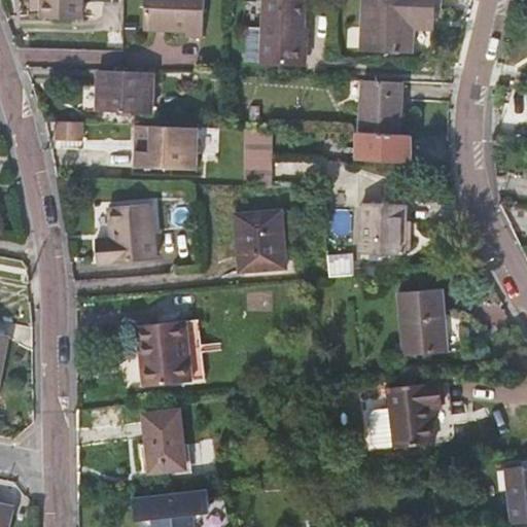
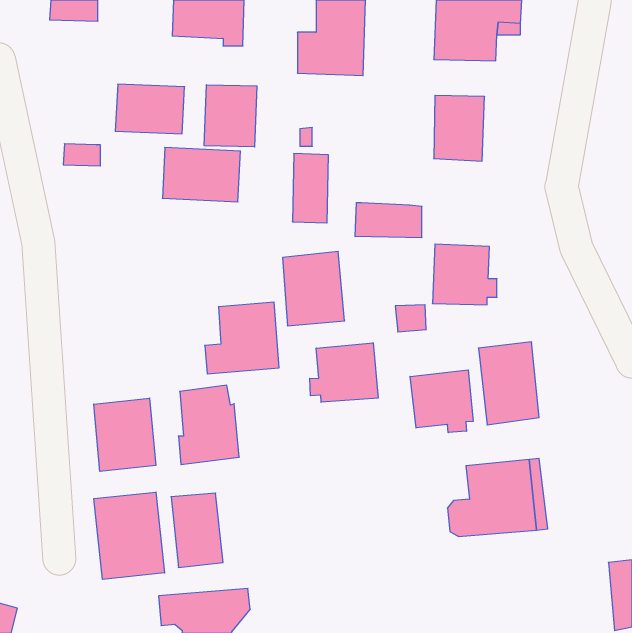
building: none -> [204,85,257,147]
building: [355,132,411,161] -> [355,203,422,237]
building: [93,203,154,262] -> [205,302,279,374]
building: none -> [310,343,378,402]
building: none -> [410,370,473,433]
building: none -> [94,398,156,471]
building: none -> [94,492,165,579]

